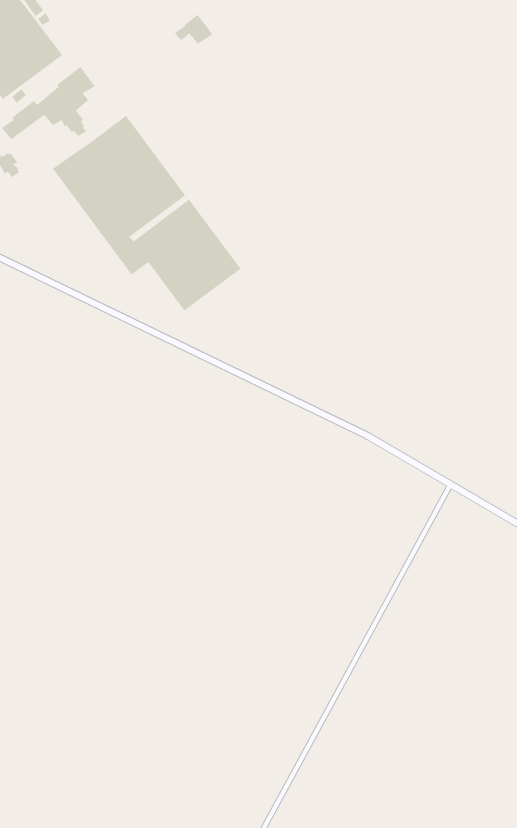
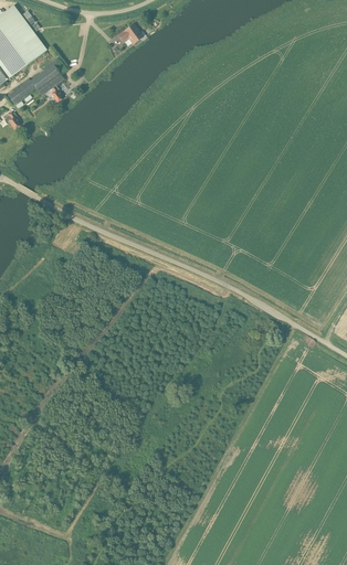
building: [52,115,242,311] -> none

